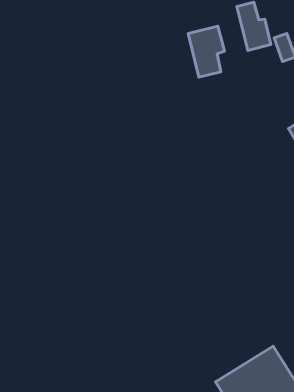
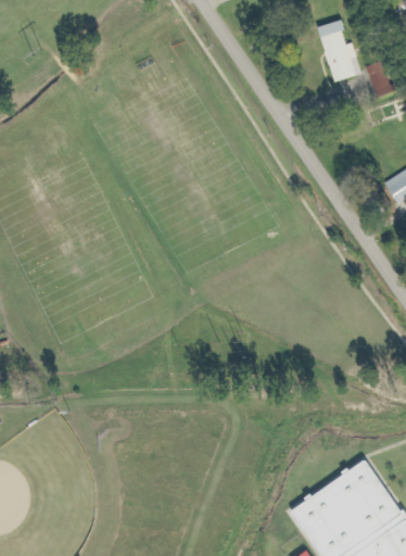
building: [188,26,225,77] -> none

